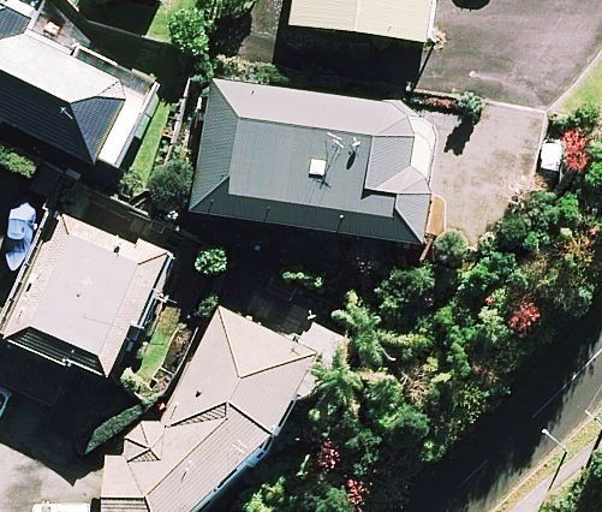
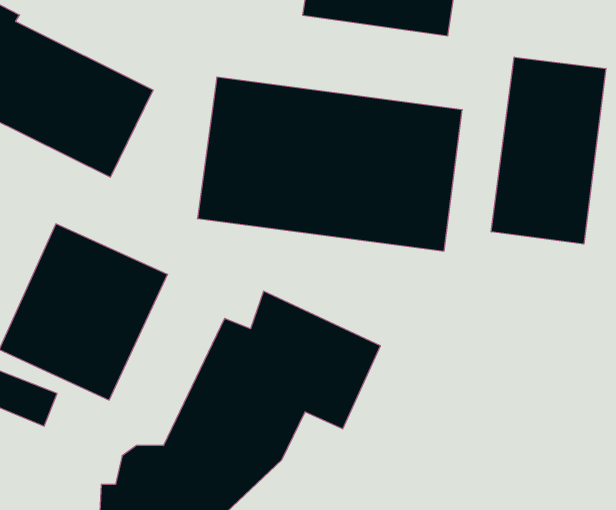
building: none -> [491,57,606,244]

